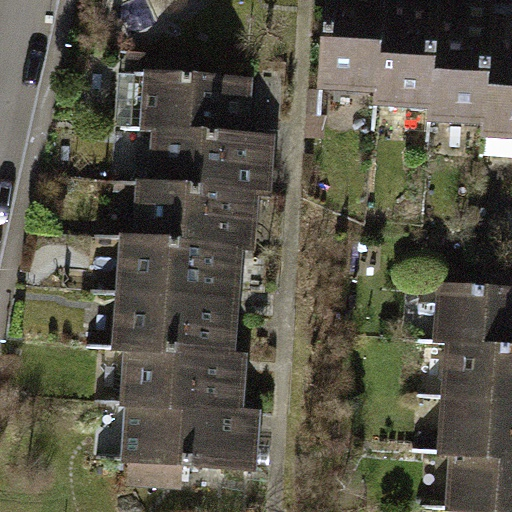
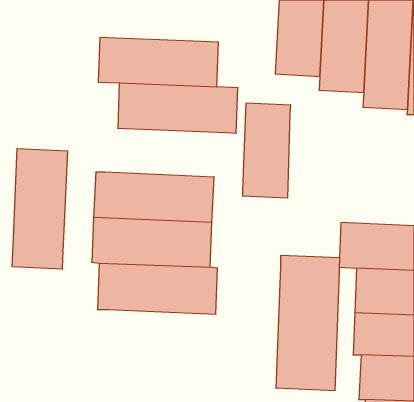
building: none -> [243,103,291,198]
building: [129,173,278,234] -> none
building: none -> [12,148,68,269]
building: none -> [276,255,340,391]
building: [131,397,279,473] -> none

